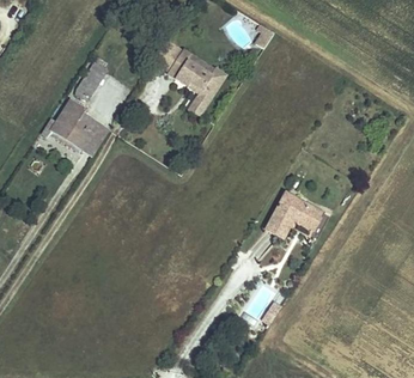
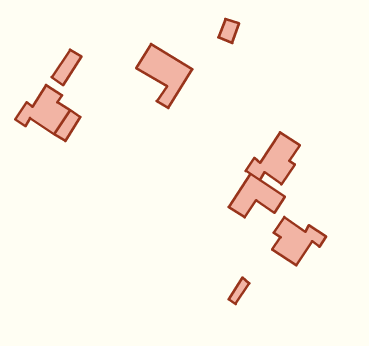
building: none -> [246,132,300,184]
building: none -> [272,217,326,265]

